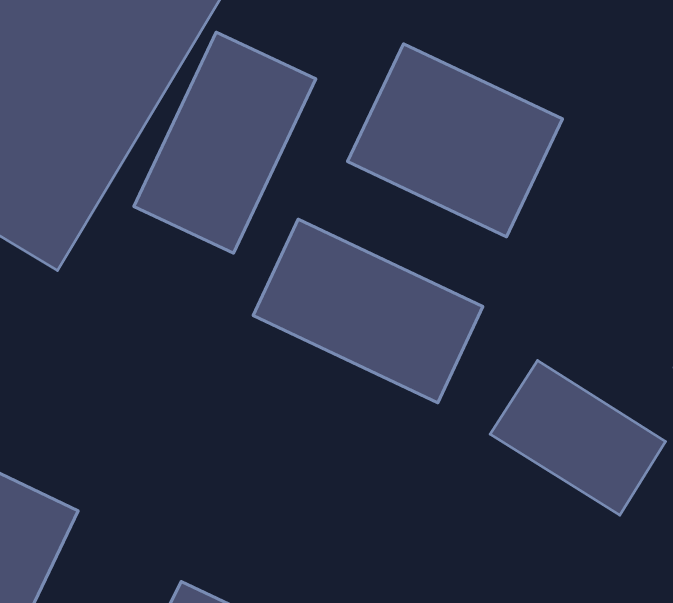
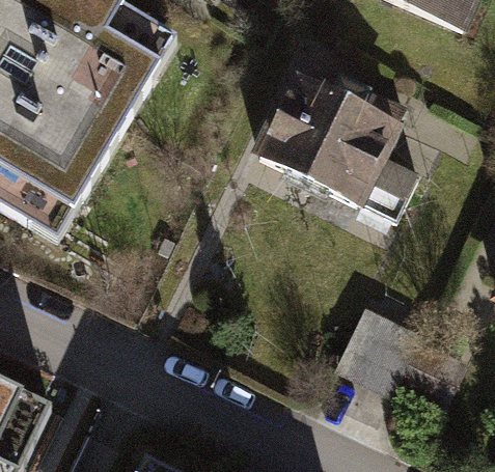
building: [134,32,316,253] -> none
building: [253,219,483,403] -> none

